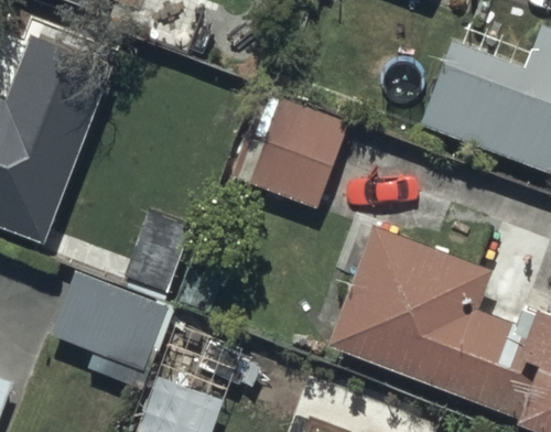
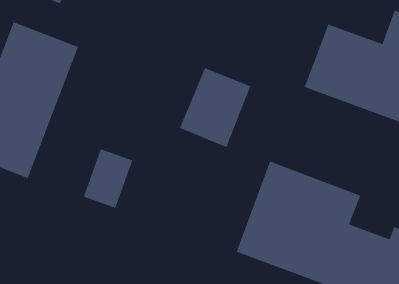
building: [51,269,213,369] -> none

